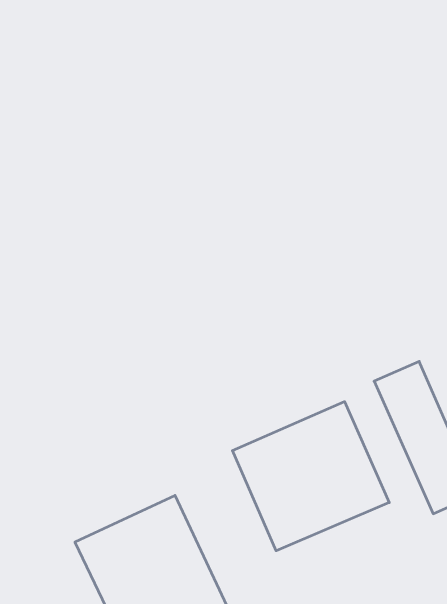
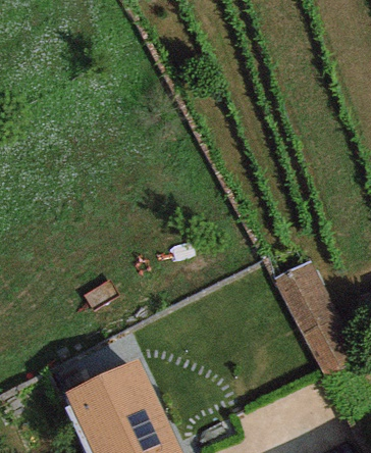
building: [232,402,389,551] -> none

